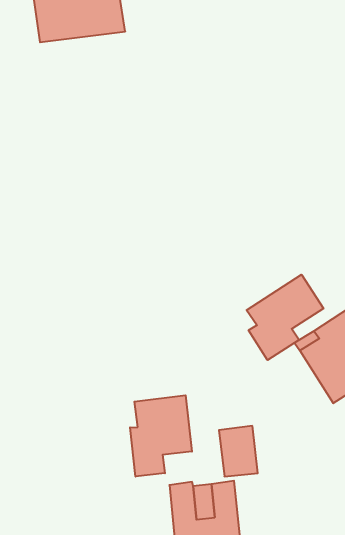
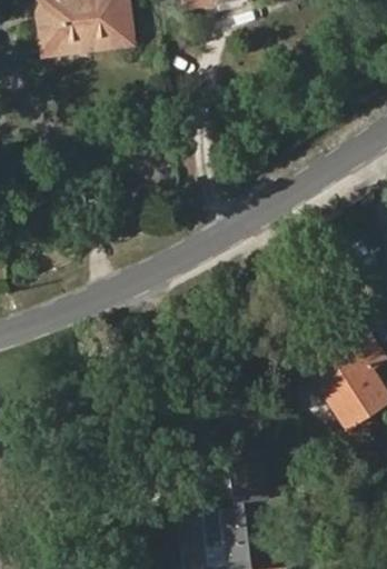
building: [247,275,323,360] -> none
building: [130,395,192,477] -> none

